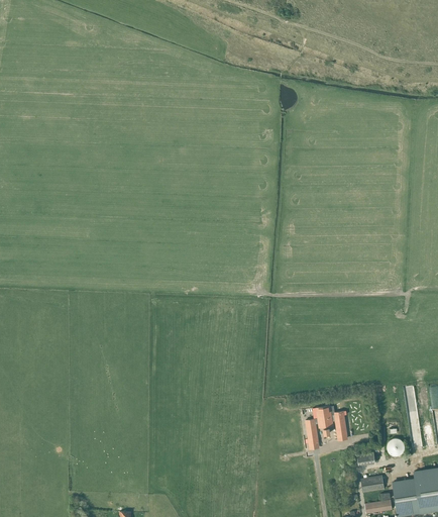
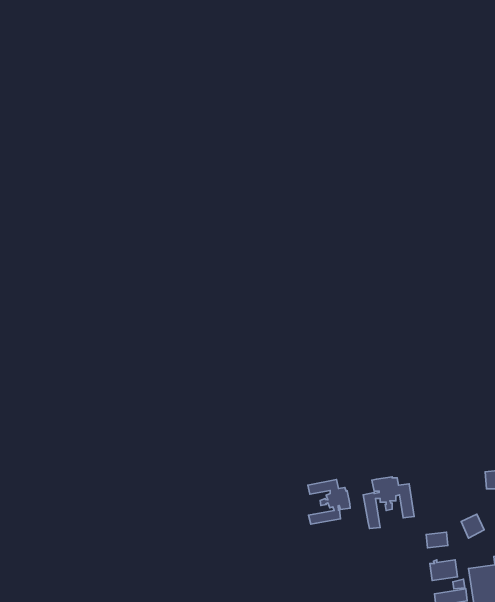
building: none -> [308,480,350,524]

